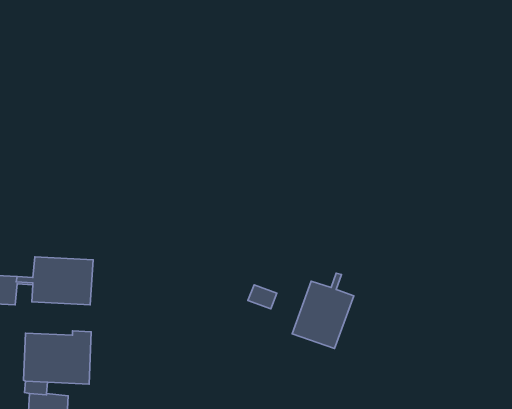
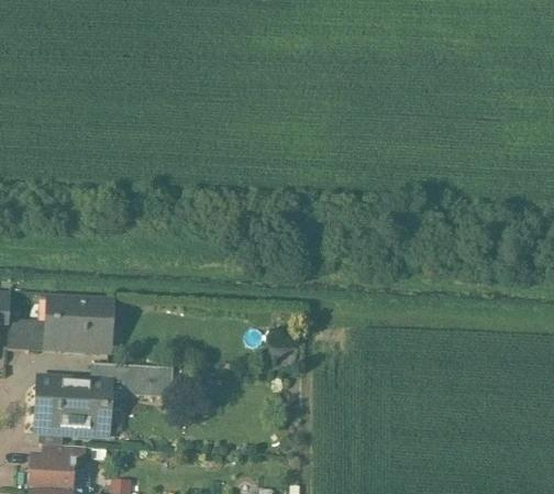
building: [292,273,354,349] -> none
building: none -> [121,364,173,396]

